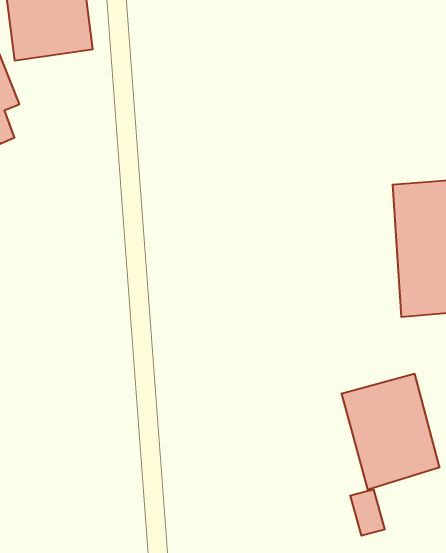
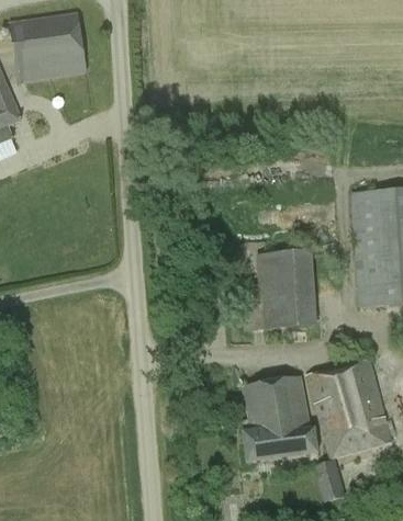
building: none -> [240,249,316,330]
building: none -> [239,375,316,461]

